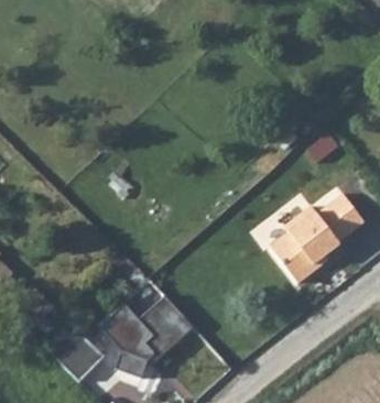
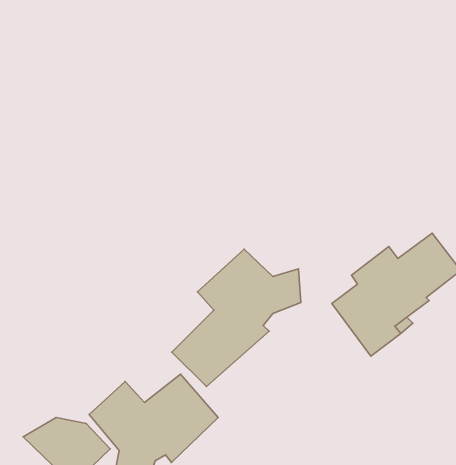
building: none -> [172,249,301,387]

